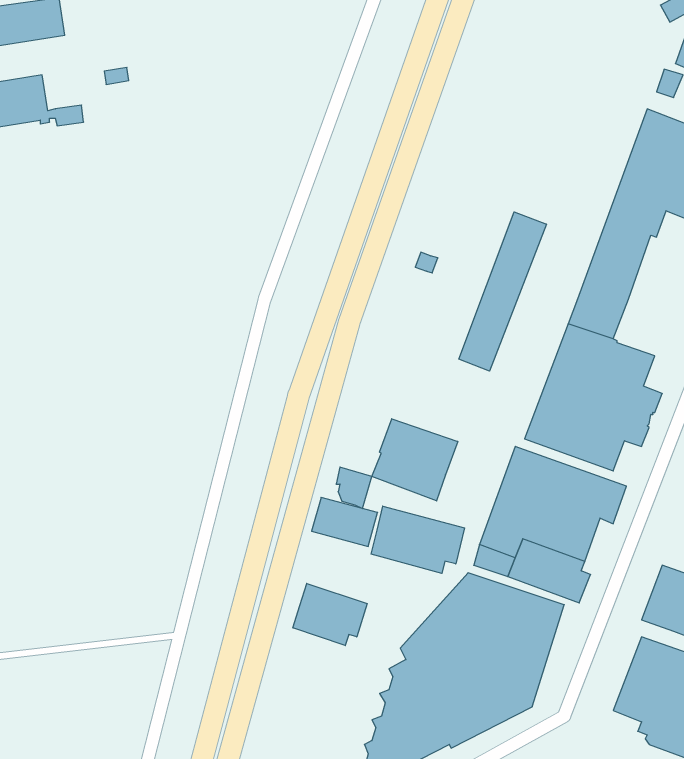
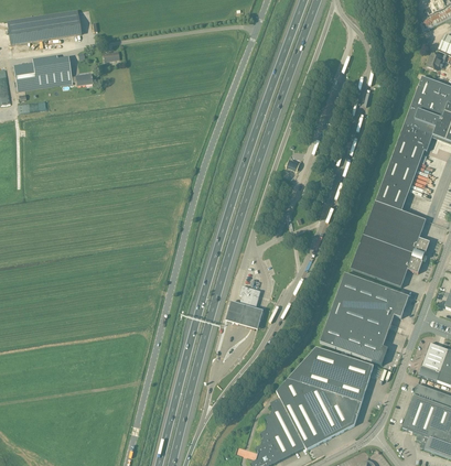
building: [459,212,546,371] -> none
building: [372,419,458,501] -> none
building: [371,506,464,573] -> none
building: [293,583,367,646] -> none

